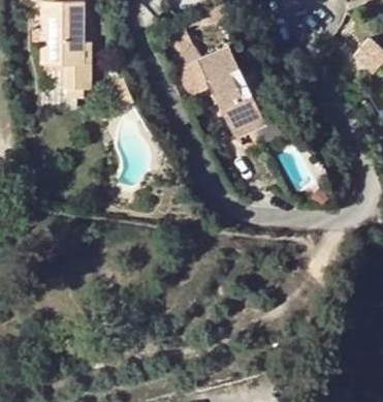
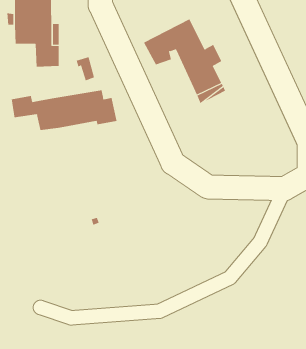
building: none -> [11,90,117,131]

